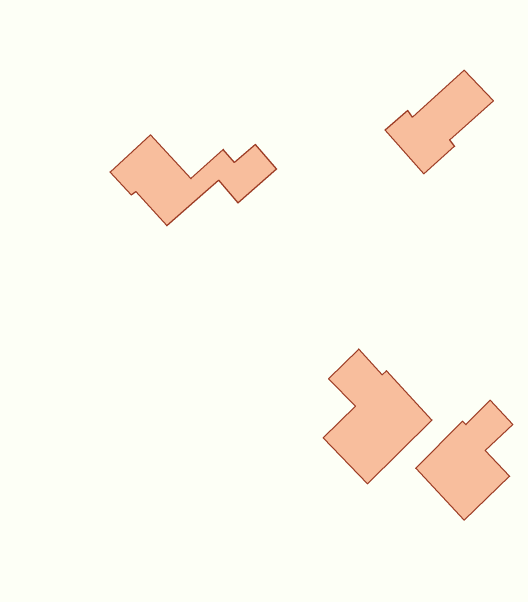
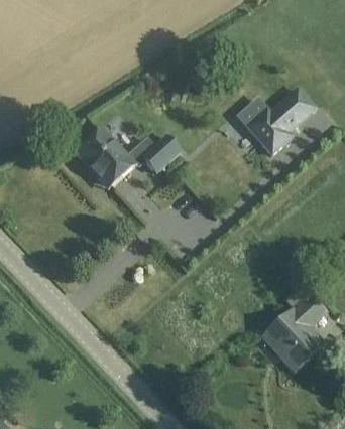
building: [323,349,432,484] -> none

